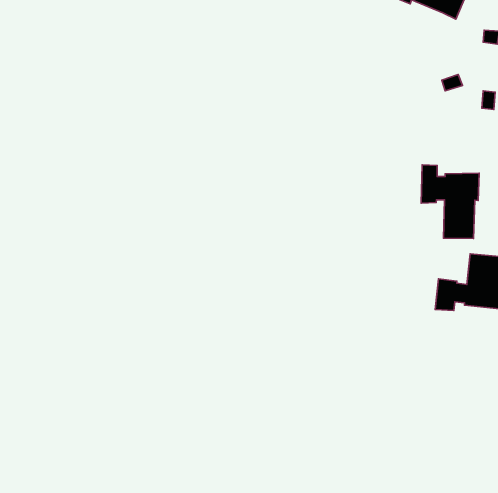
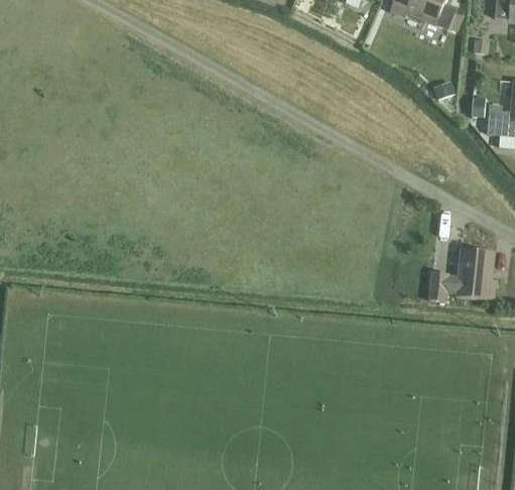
building: [421,165,479,238] -> none

